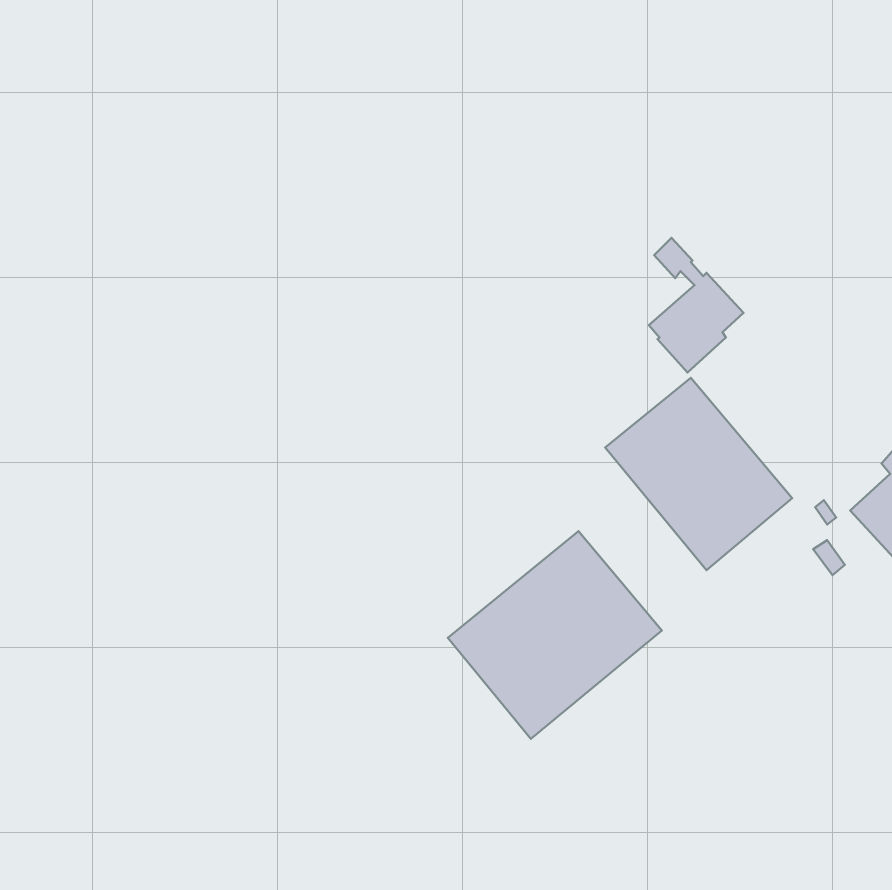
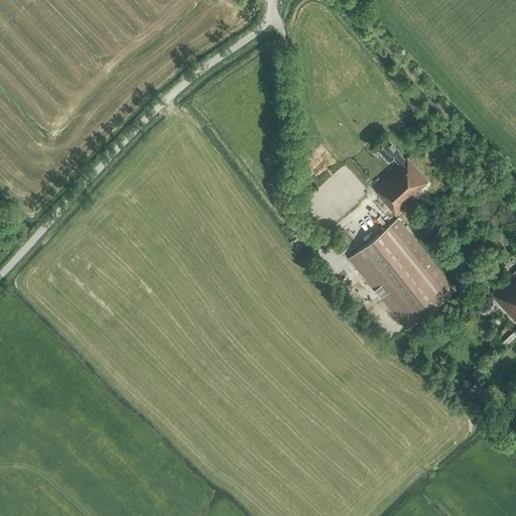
building: [448,531,662,739] -> none

